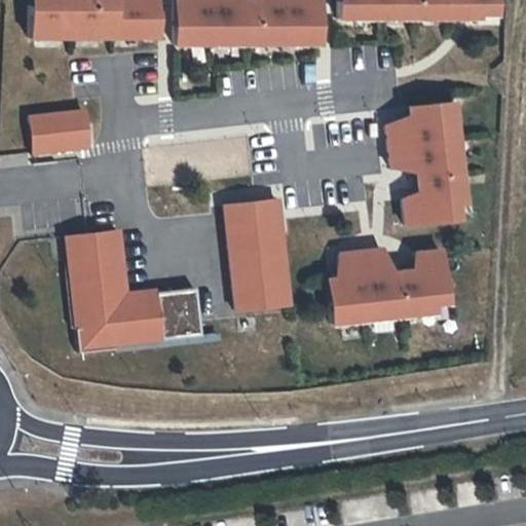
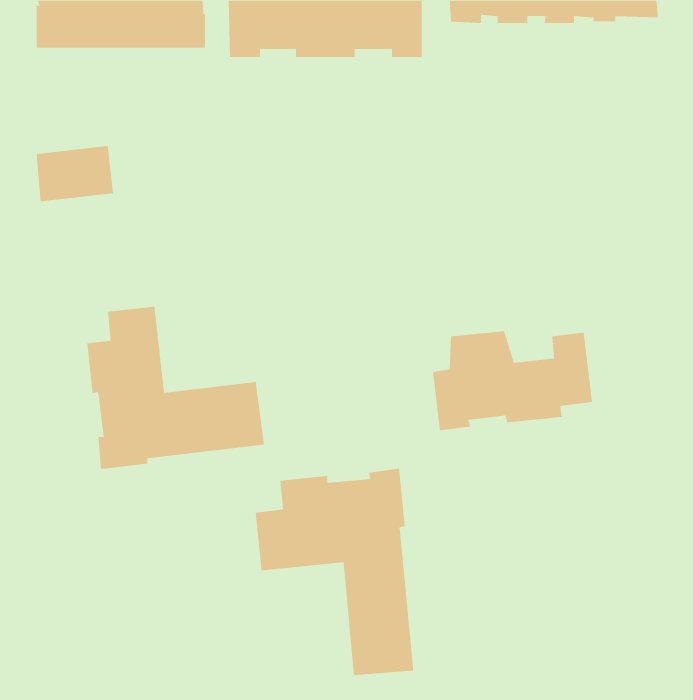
building: [388,102,466,225] -> none
building: [225,199,290,309] -> none
building: none -> [255,468,414,676]

